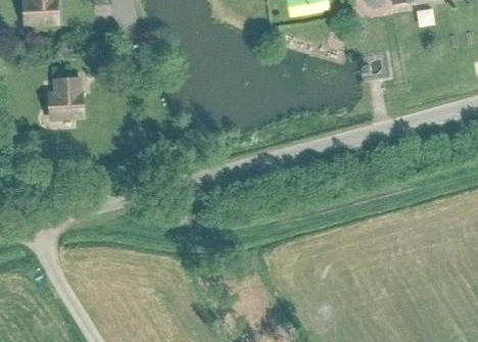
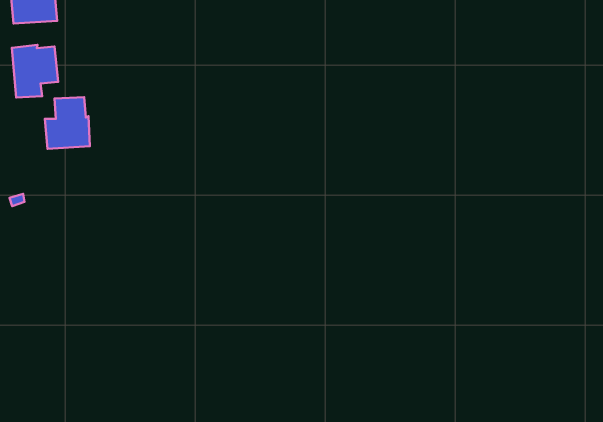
building: none -> [12,45,58,98]

